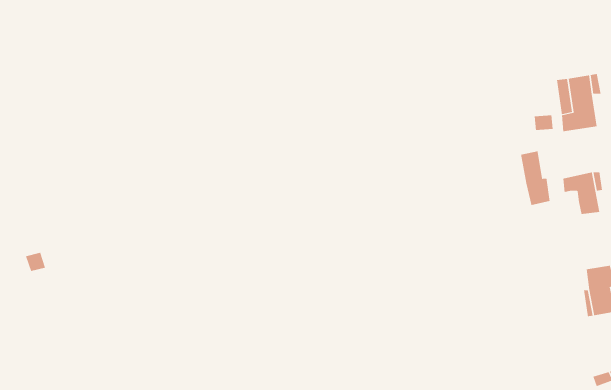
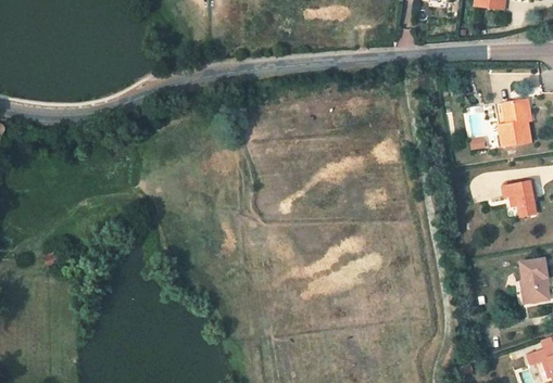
building: [520,151,550,206] -> none

